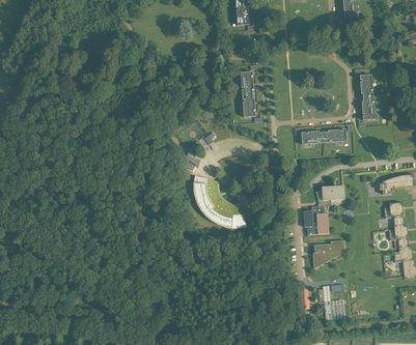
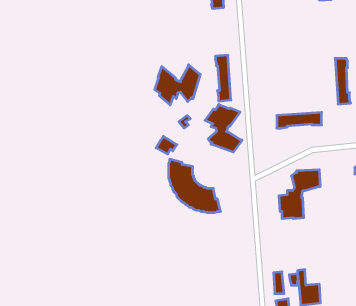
building: none -> [155,65,200,105]
building: none -> [205,104,242,152]
building: [312,240,343,269] -> none

